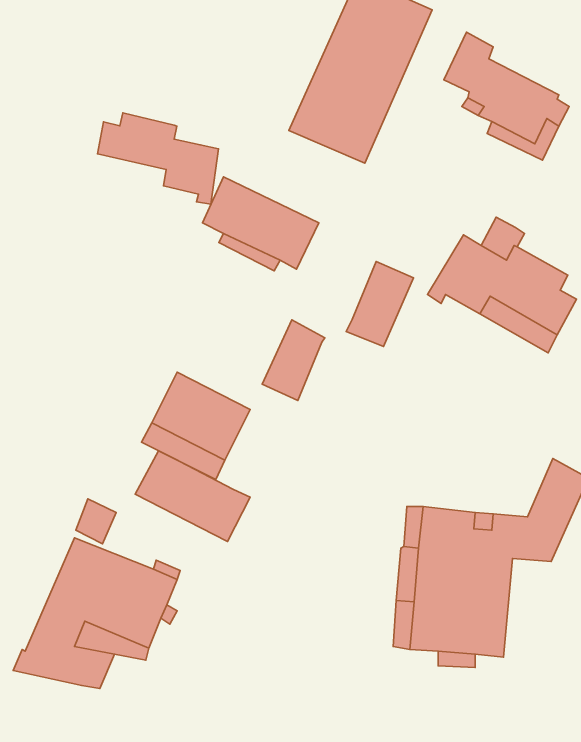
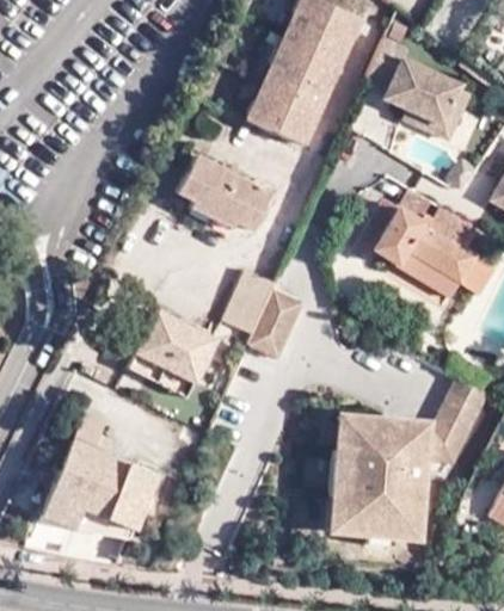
building: [98,113,218,204] -> none
building: [346,261,413,346] -> [250,286,303,354]
building: [135,451,250,541] -> none

